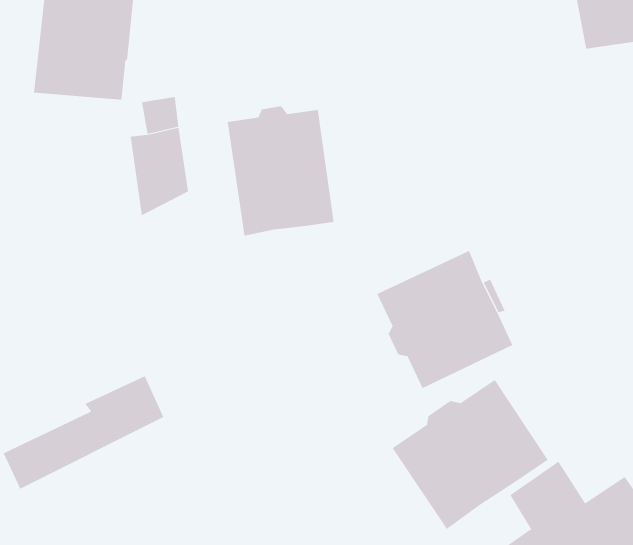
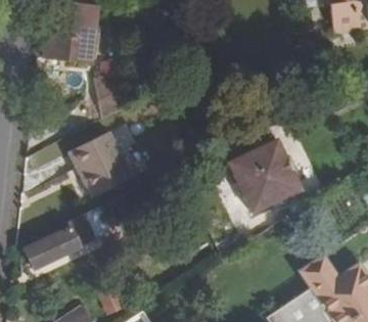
building: [227,106,334,237] -> none
building: none -> [66,133,131,198]
building: [392,379,548,530] -> none

